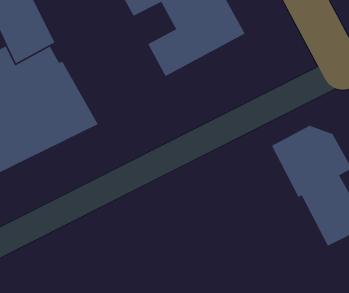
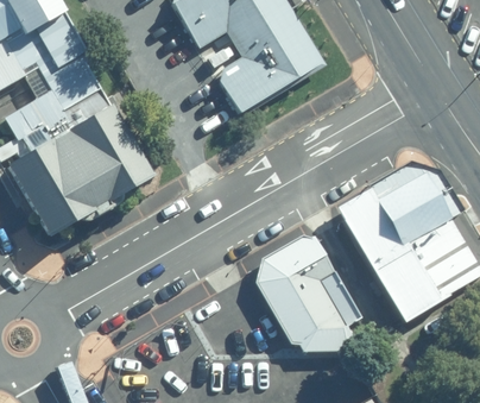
building: none -> [327,185,432,333]
building: none -> [255,234,362,350]

